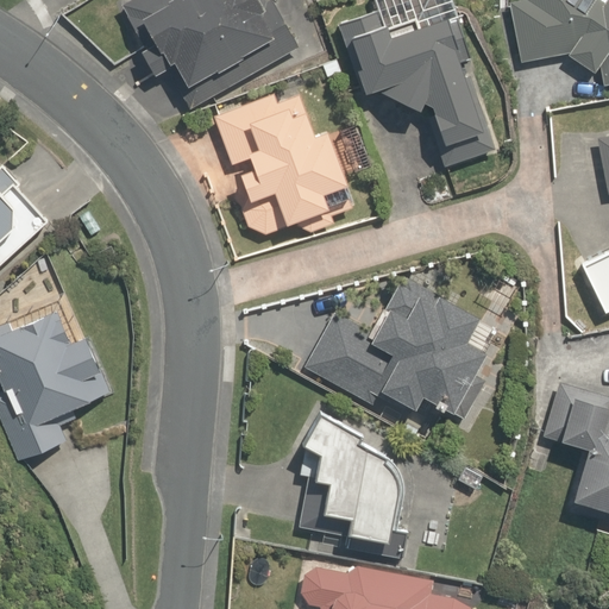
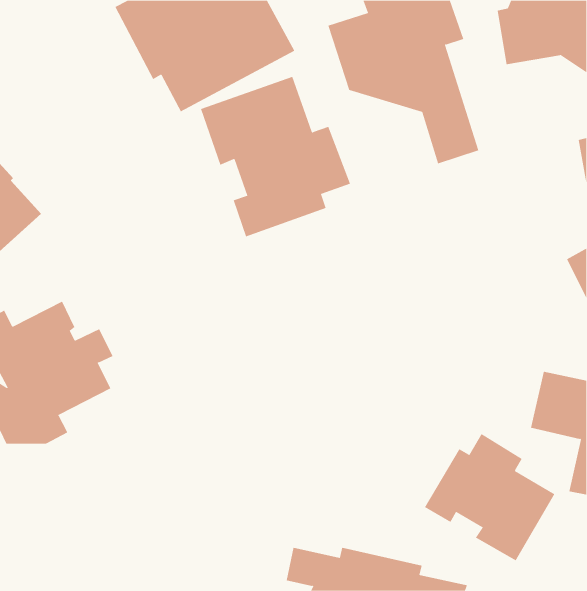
building: [300,272,500,419] -> none
building: [294,407,413,561] -> none
building: none -> [424,433,555,561]

